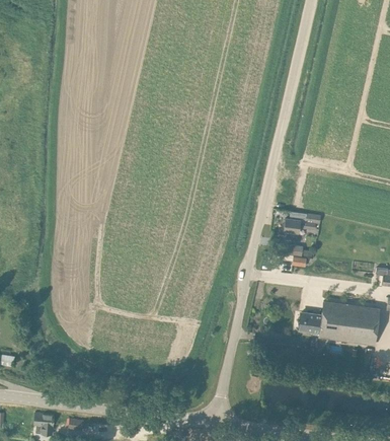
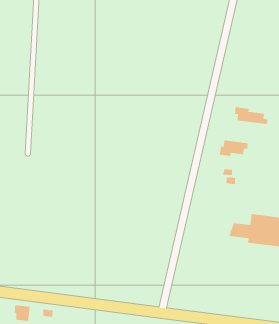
building: none -> [234,106,268,125]

